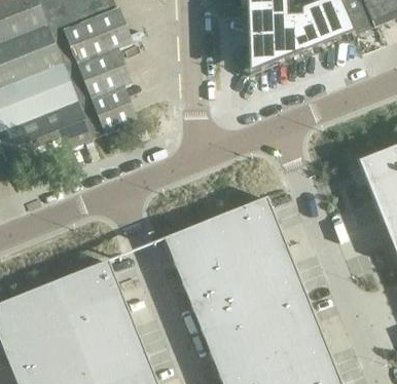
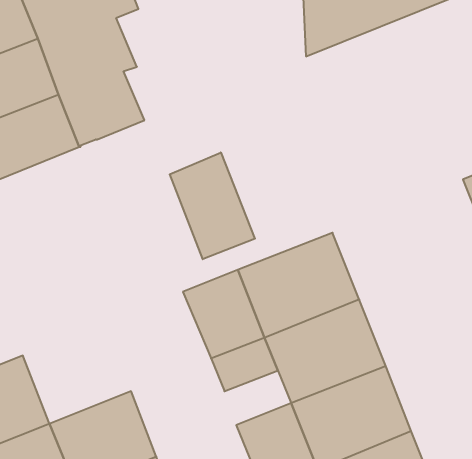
building: none -> [170,152,255,259]
building: [52,260,128,330] -> none
building: [192,293,239,331] -> none

